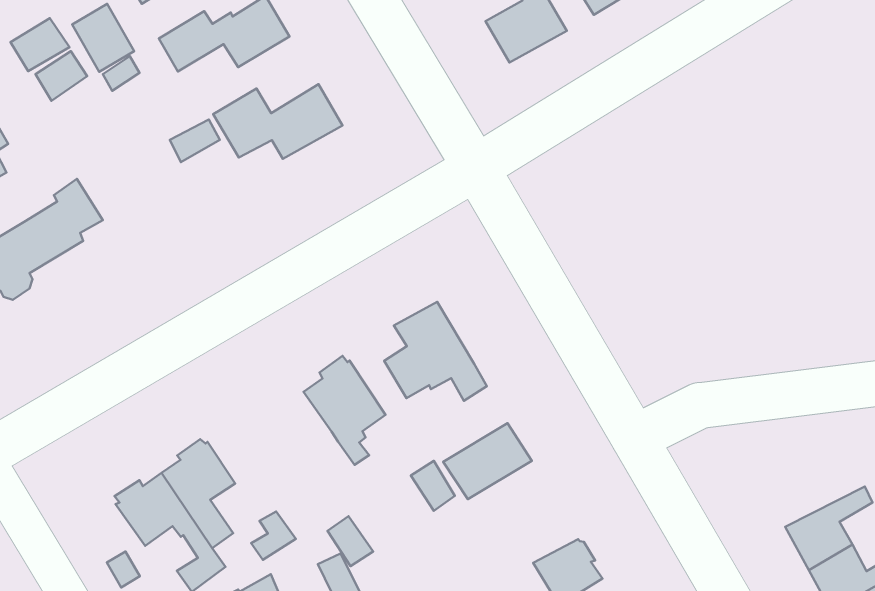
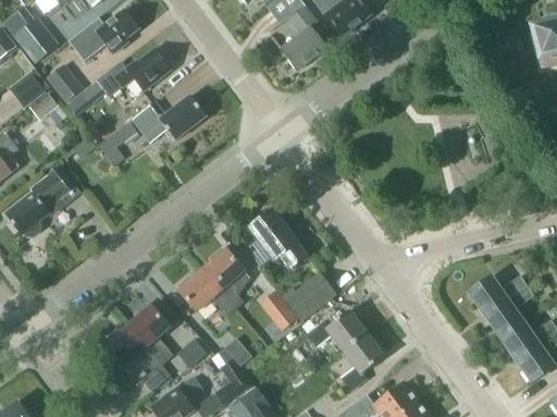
building: none -> [177,269,236,314]
building: none -> [469,274,527,314]
building: none -> [308,309,368,351]

